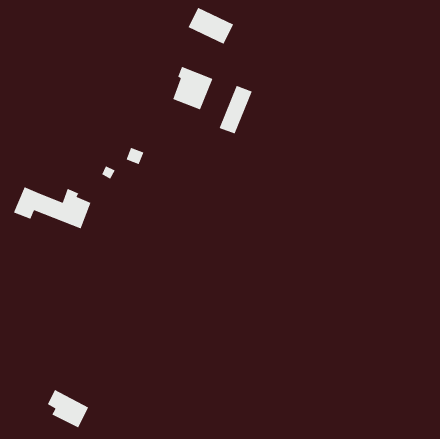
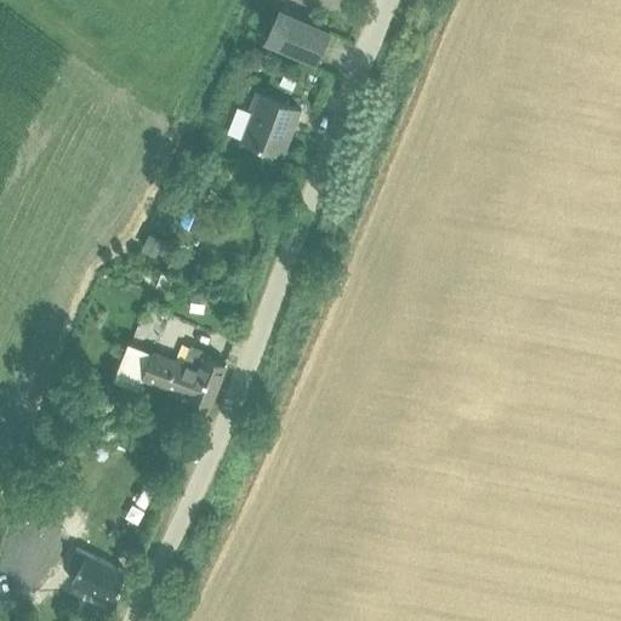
building: [218,85,253,135] -> none
building: [13,186,91,229] -> [113,346,223,406]

